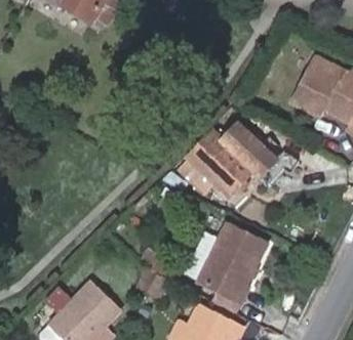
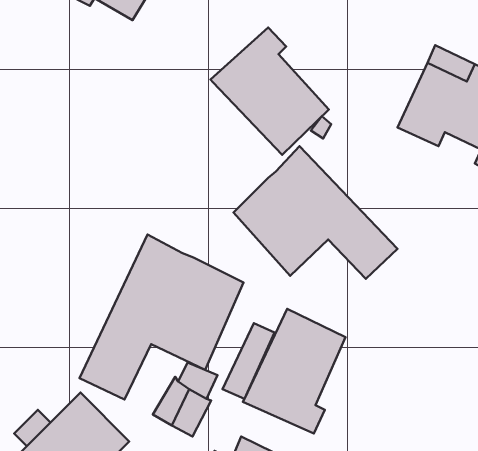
building: none -> [210,27,329,155]
building: none -> [79,234,244,399]

